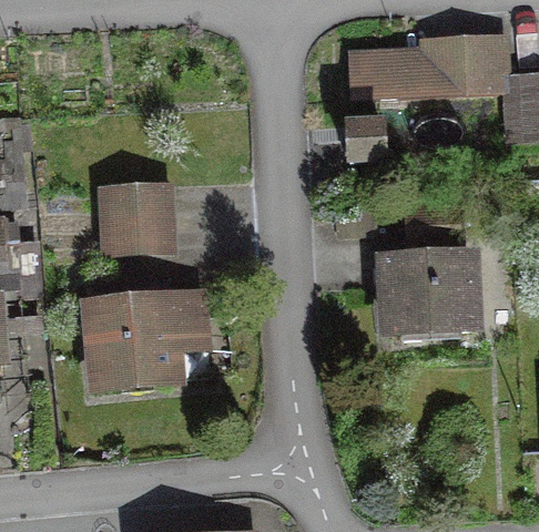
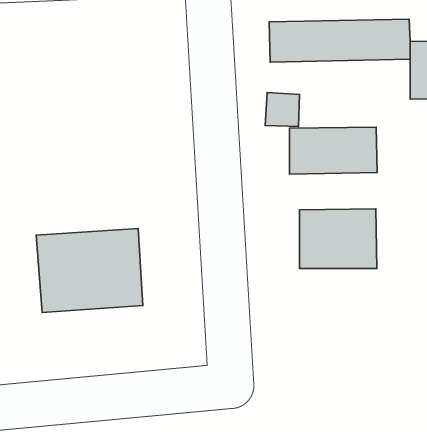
building: none -> [289,127,377,174]
building: [102,188,169,254] -> none

